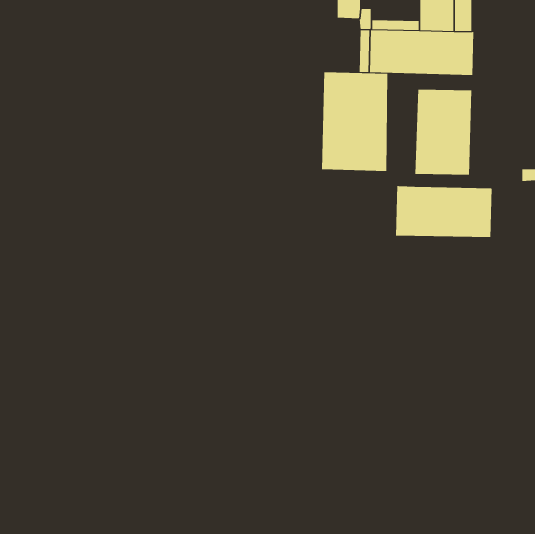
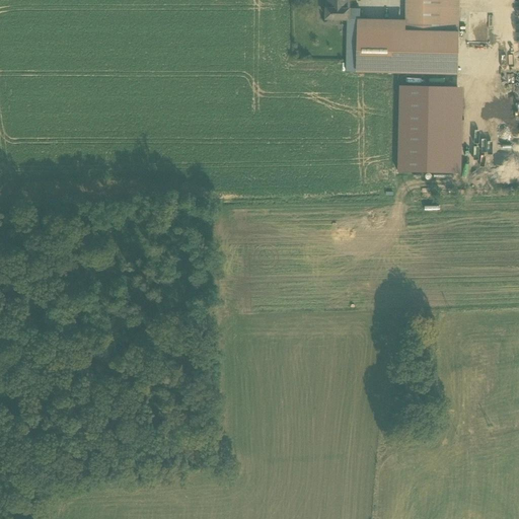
building: [321,71,388,172] -> none
building: [396,185,492,238] -> none

